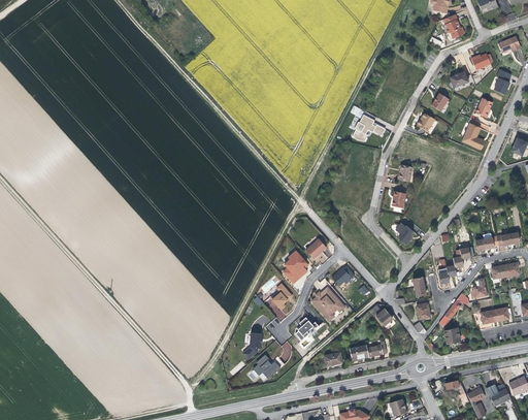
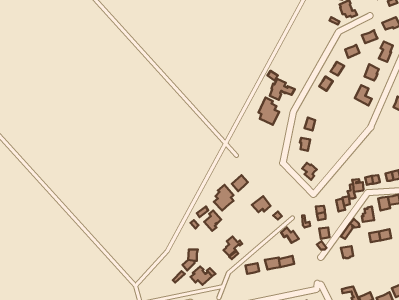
building: none -> [259,98,279,125]
building: [312,287,345,316] -> none

